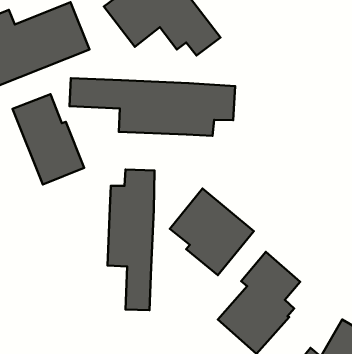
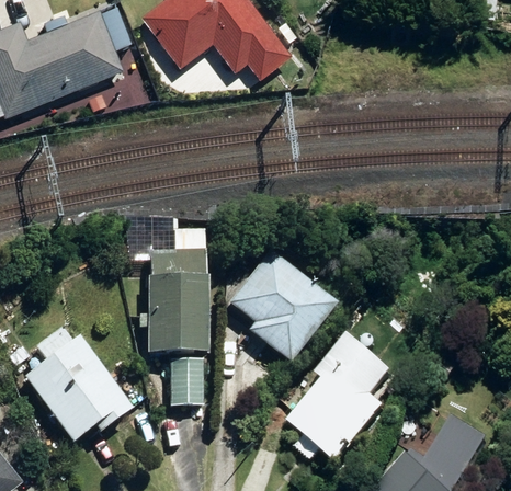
building: [69,78,235,136] -> none
building: [12,94,84,184] -> none
building: none -> [23,326,132,439]

